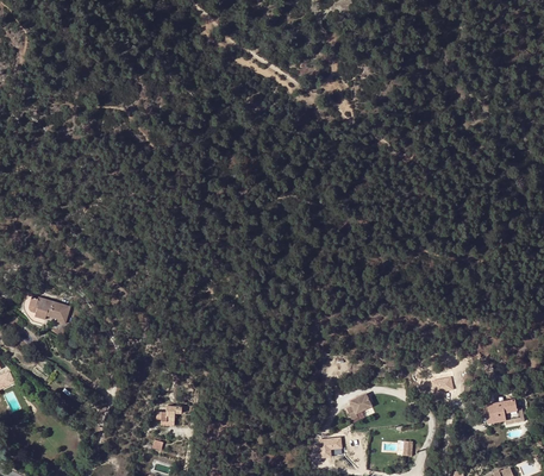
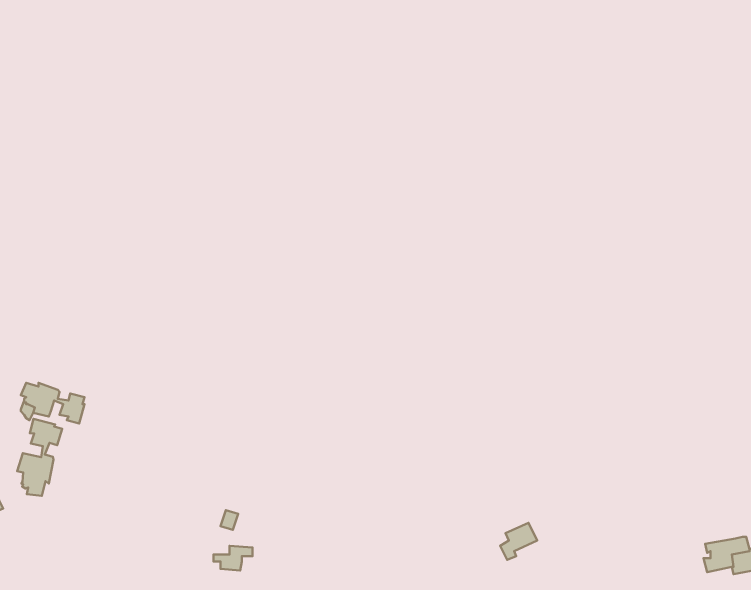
building: none -> [17,419,62,496]

